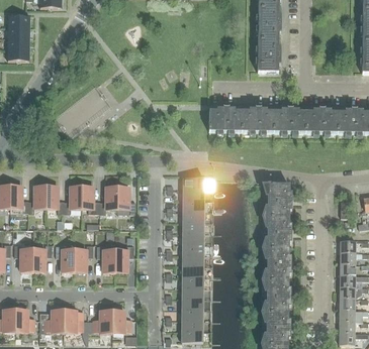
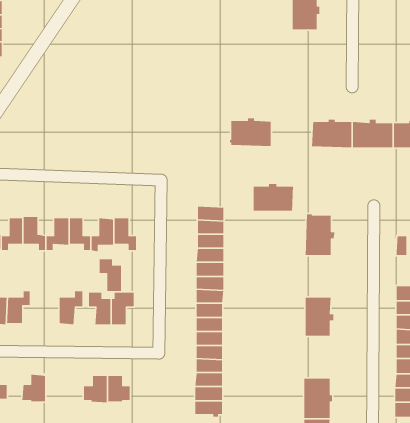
building: [257,38,280,71] -> none
building: [242,108,274,130] -> [253,183,294,212]
building: [268,216,291,248] -> none
building: [56,244,74,270] -> [99,258,122,292]
building: [267,279,290,312] -> none
building: [64,309,82,331] -> none

